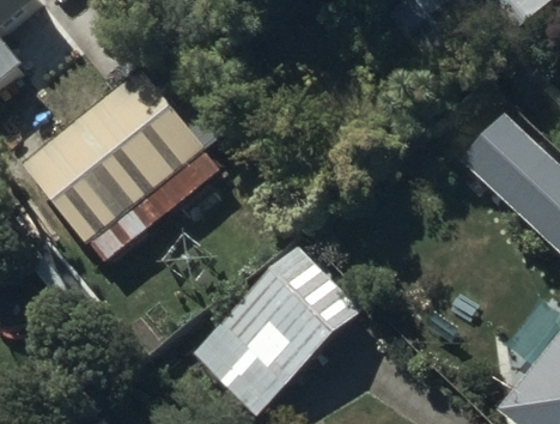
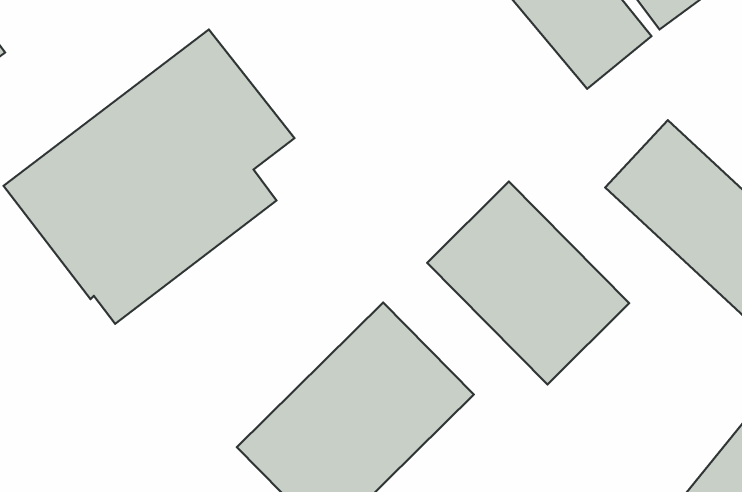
building: none -> [427,181,629,385]

